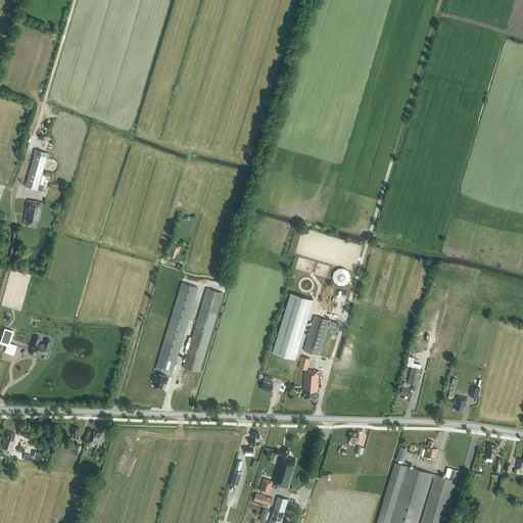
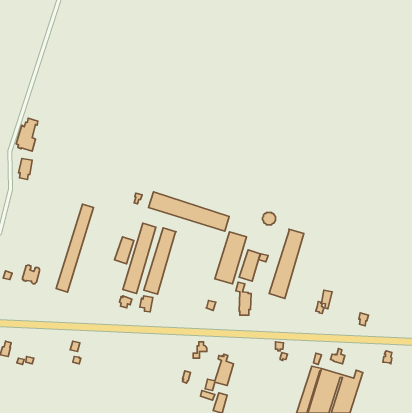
building: none -> [148,192,229,231]
building: none -> [56,204,93,292]
building: none -> [269,229,304,298]
building: none -> [114,237,134,264]

